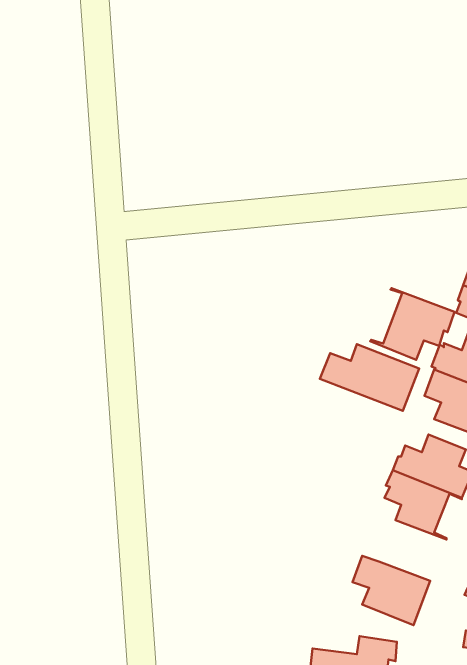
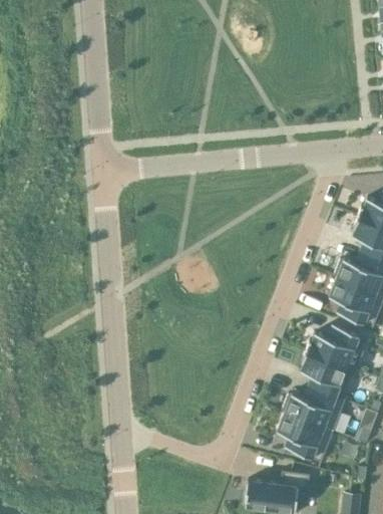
building: [370,288,454,360] -> none
building: [320,344,419,411] -> none
building: none -> [282,386,345,430]

